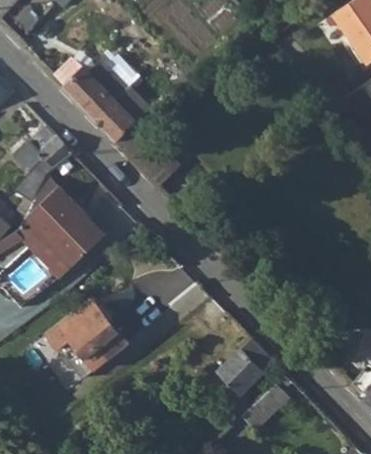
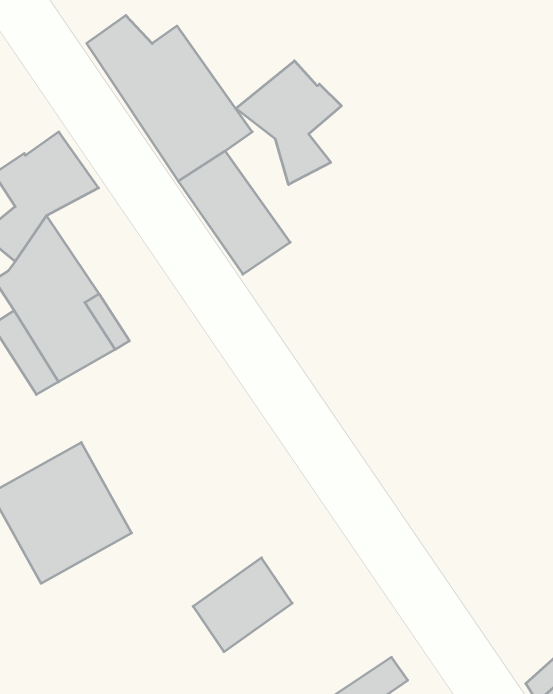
building: none -> [236,61,341,185]
building: [218,340,272,395] -> [193,558,292,652]

